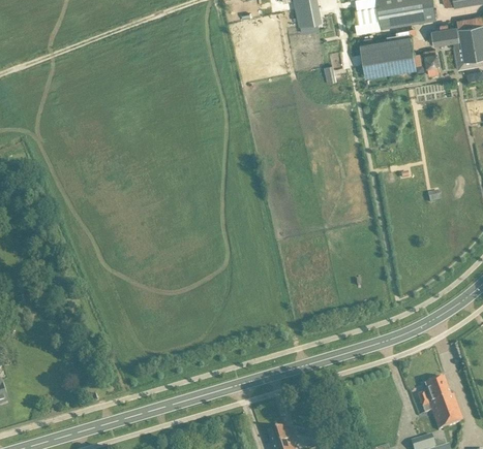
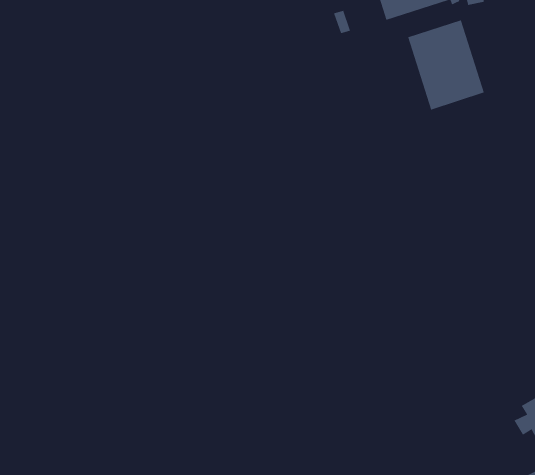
building: none -> [408,19,485,110]

